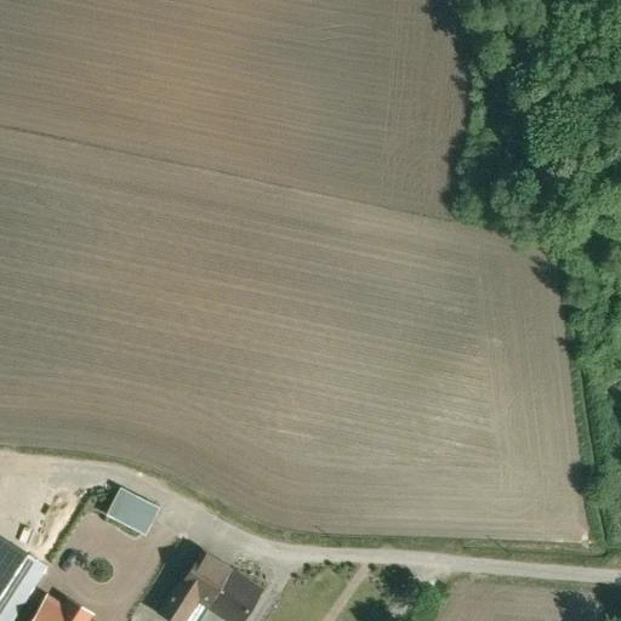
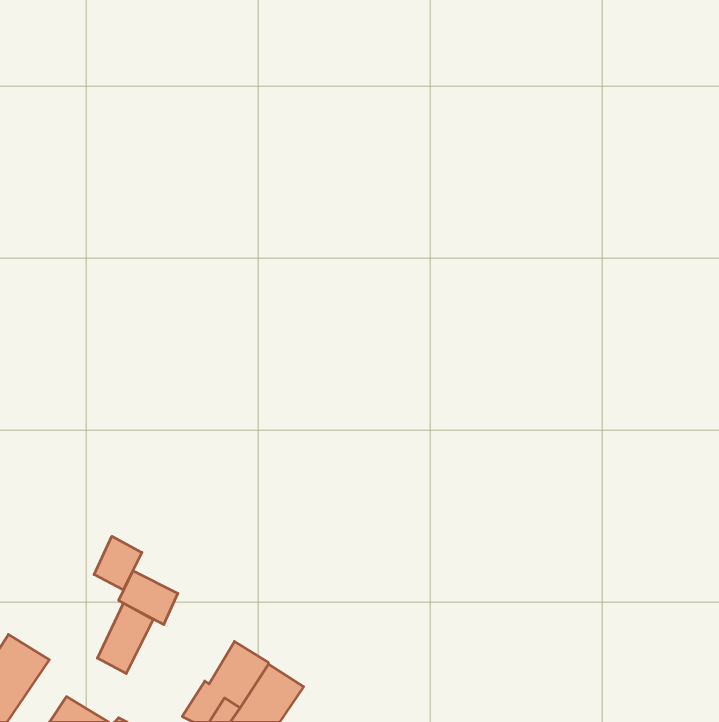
building: none -> [94,536,142,590]
building: none -> [97,603,153,674]

